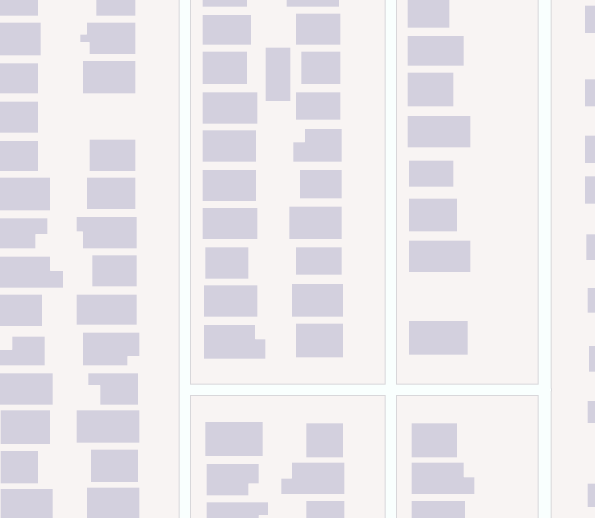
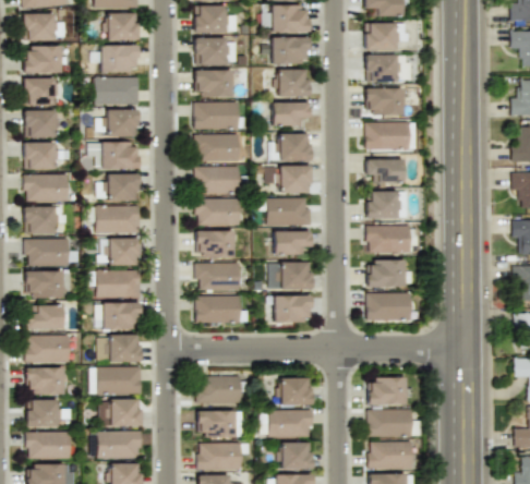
building: [265,47,291,102] -> none
building: none -> [107,109,140,136]
building: none -> [366,259,406,288]

